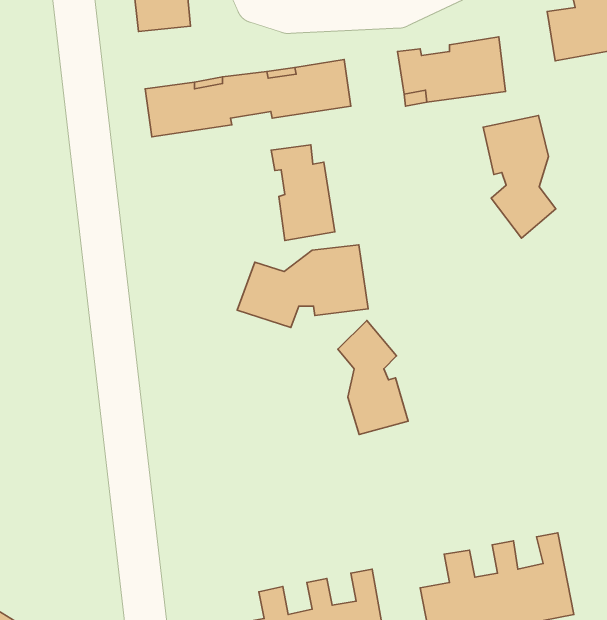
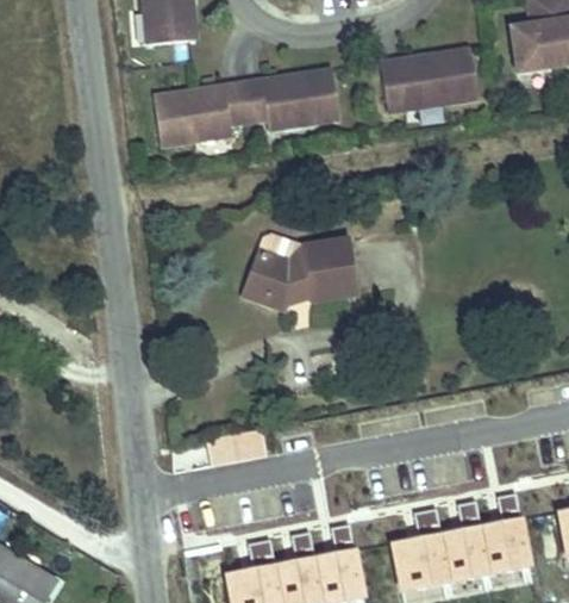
building: [483,116,556,238] -> none
building: [271,145,335,240] -> none
building: [338,320,408,435] -> none

